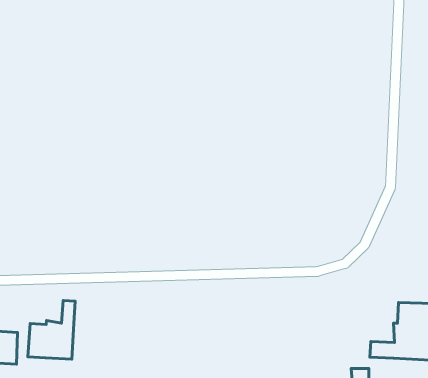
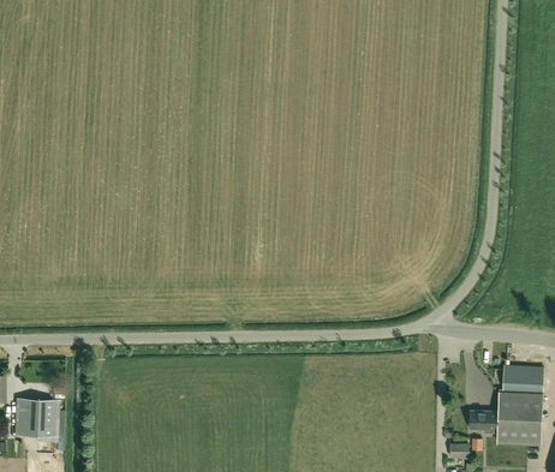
building: [28,301,75,359] -> none

